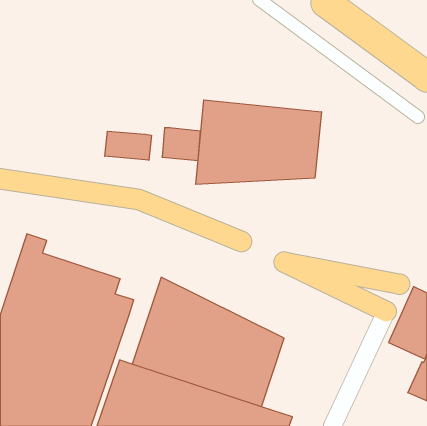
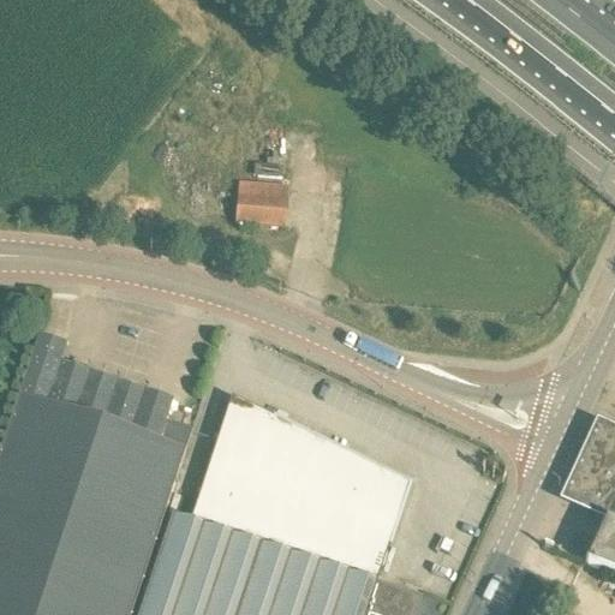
building: [196,100,321,184] -> none
building: [105,131,151,160] -> none

